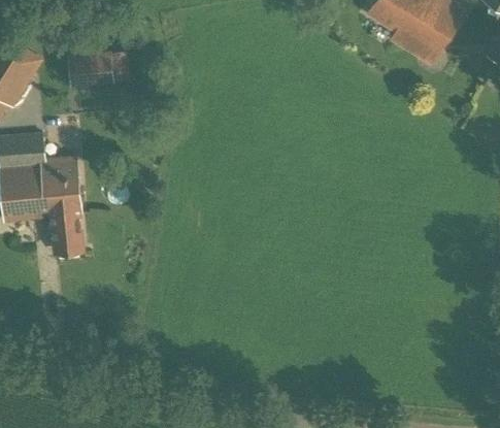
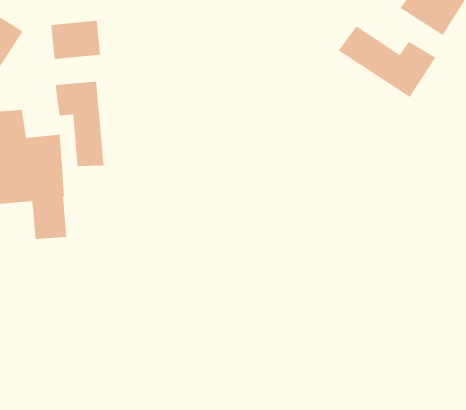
building: none -> [338,25,436,98]
building: none -> [55,81,104,167]

